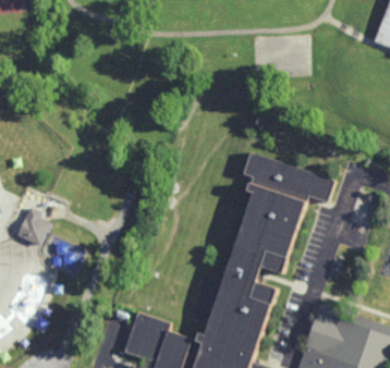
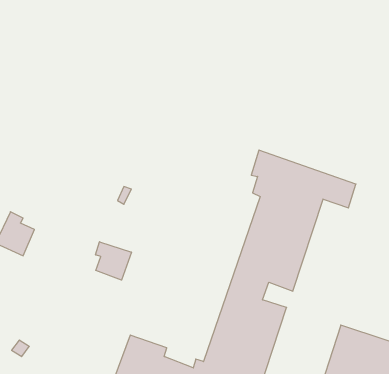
building: none -> [96,242,131,280]

